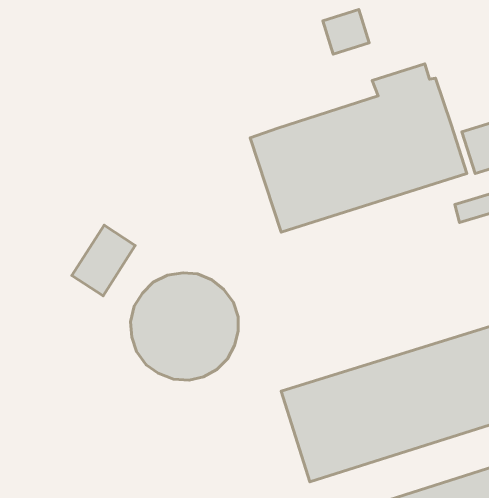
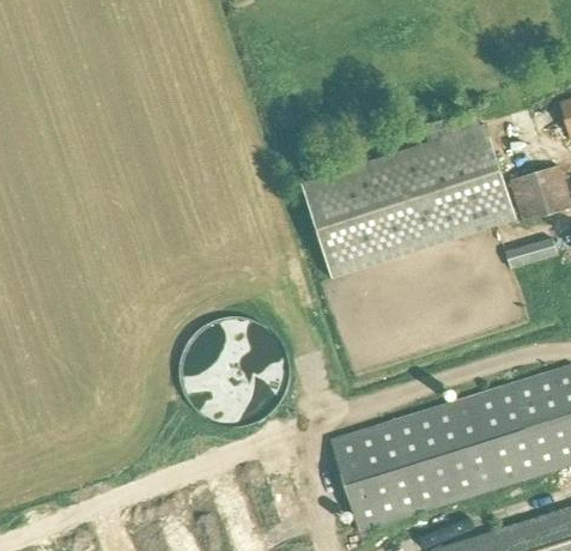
building: [323,9,369,54] -> none
building: [72,225,135,296] -> none

